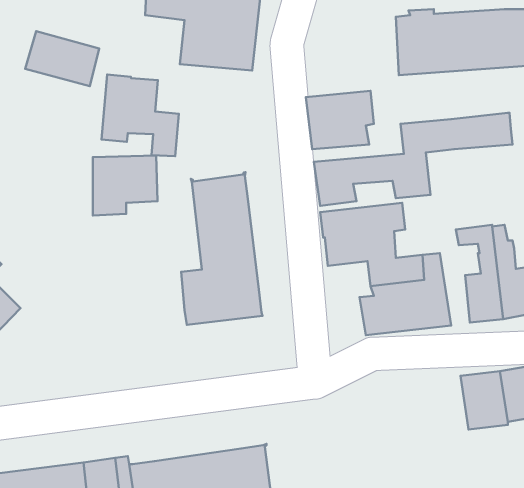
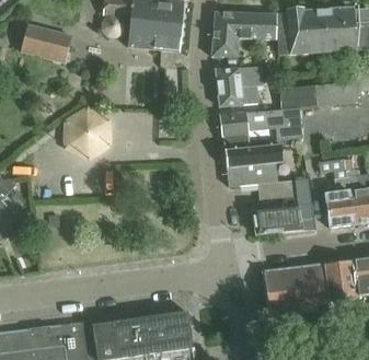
building: none -> [211,13,276,66]
building: [102,75,179,156] -> none
building: [181,172,262,325] -> none
building: none -> [262,264,327,317]

